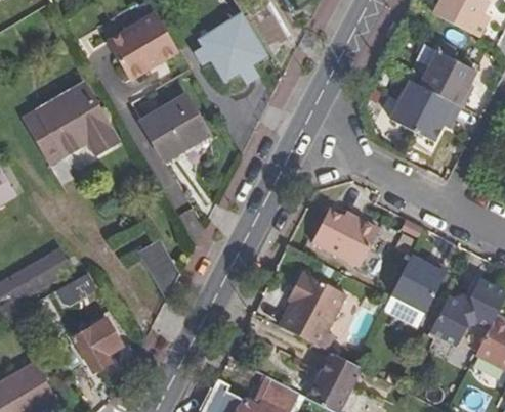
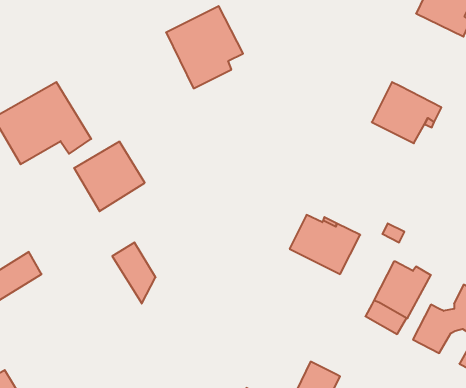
building: [107,9,179,79] -> none
building: [418,43,475,108] -> none
building: [140,92,209,159] -> [74,142,145,211]
building: [279,272,344,350] -> none
building: [73,291,125,369] -> none

